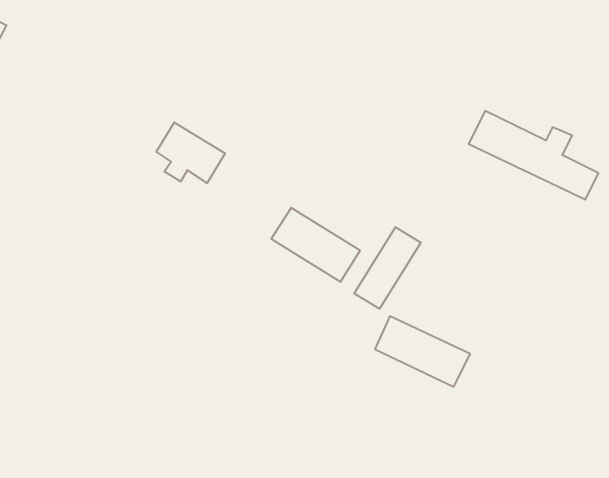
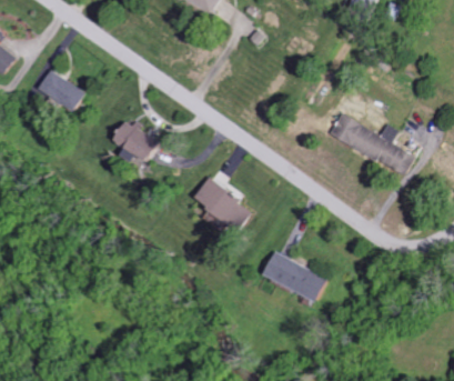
building: none -> [38,71,87,110]
building: [354,227,421,309] -> none

